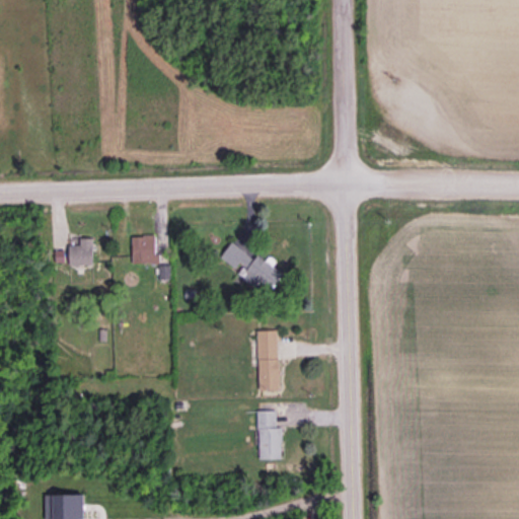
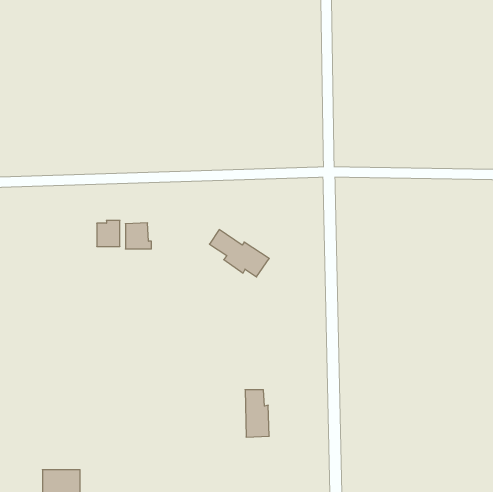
building: [69,238,93,266] -> [97,220,120,246]
building: [257,330,279,390] -> none

